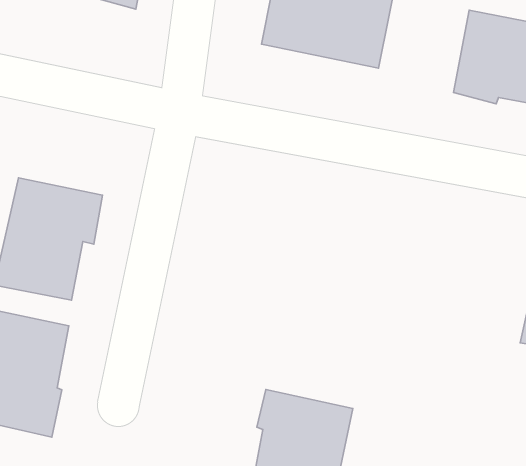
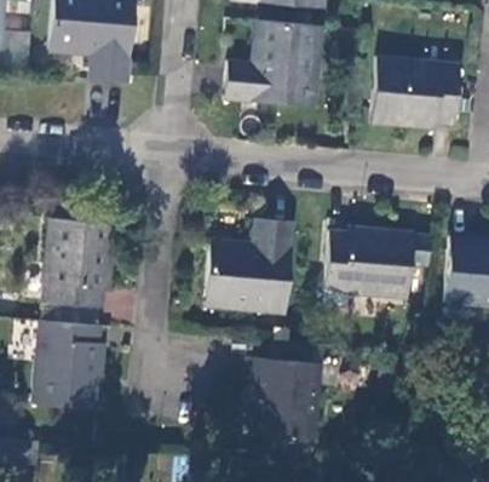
building: none -> [203,220,295,316]
building: none -> [326,233,416,298]

